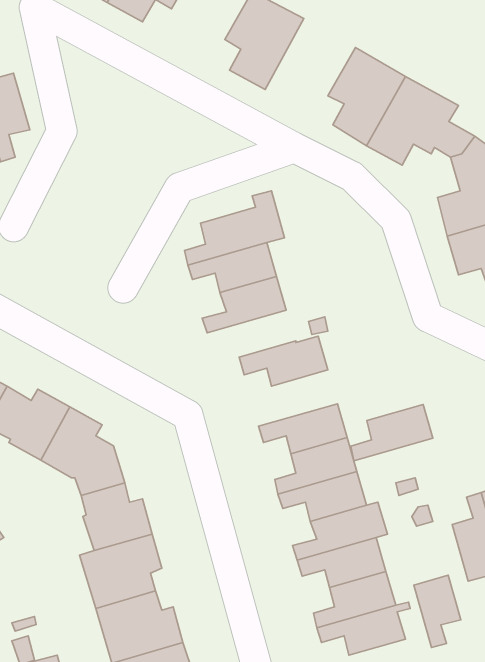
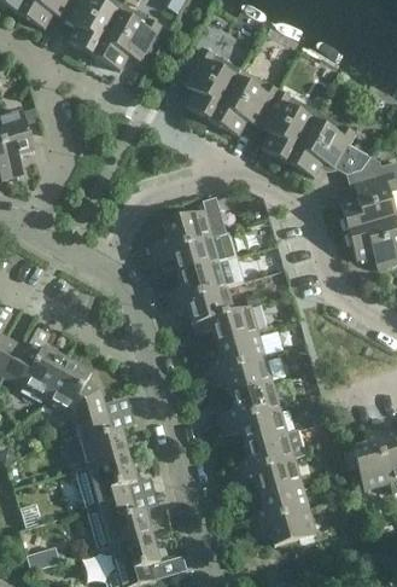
building: none -> [212,69,280,136]
building: none -> [169,287,235,322]
building: [351,404,433,461] -> [205,332,267,374]
building: [414,575,461,647] -> none

